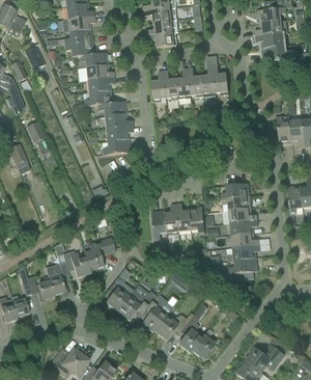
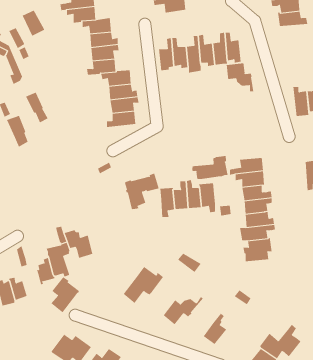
building: none -> [226,62,254,92]
building: none -> [190,155,230,180]
building: [82,237,115,272] -> [124,173,159,211]
building: [106,276,133,310] -> [51,276,79,313]
building: [140,295,172,330] -> none
building: [178,303,207,352] -> none

